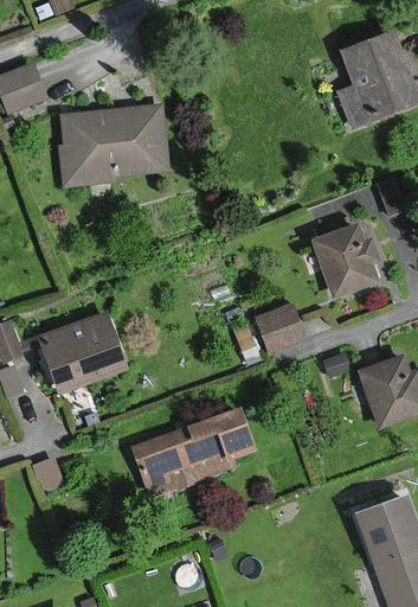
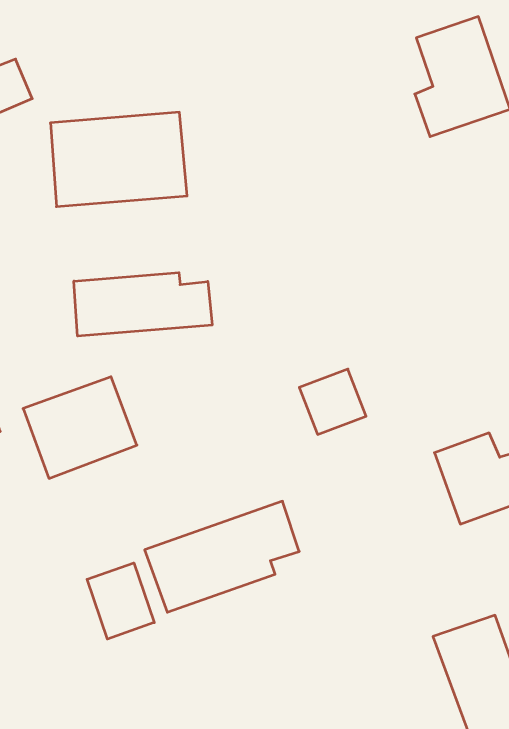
building: [310,223,380,299] -> none
building: none -> [74,273,212,336]
building: none -> [87,563,154,639]

